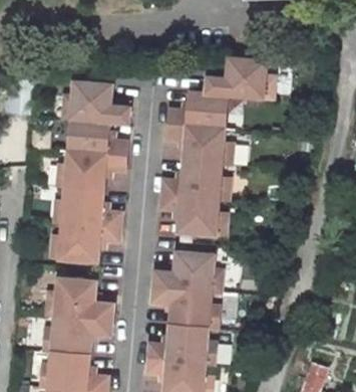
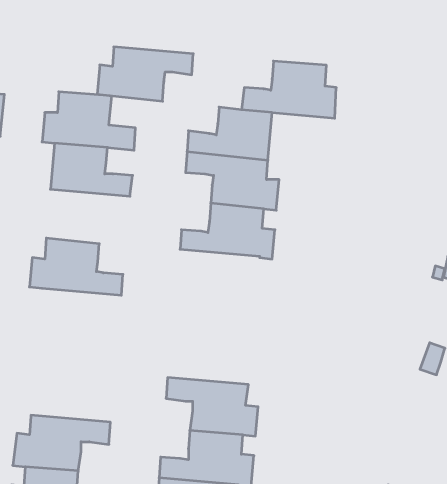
building: [56,153,125,192] -> [97,47,193,101]
building: [159,196,226,238] -> none
building: [50,224,119,263] -> none
building: [152,253,221,295] -> none
building: [45,279,112,321] -> none

